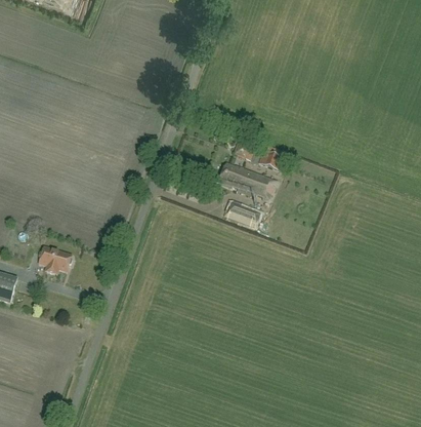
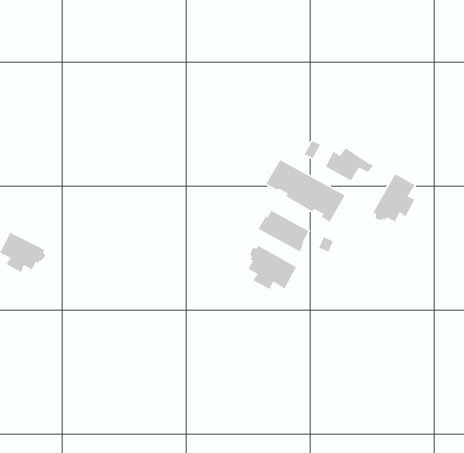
building: none -> [372,173,416,222]
building: none -> [247,244,297,290]

